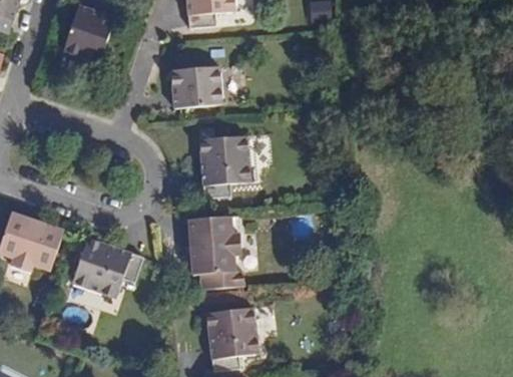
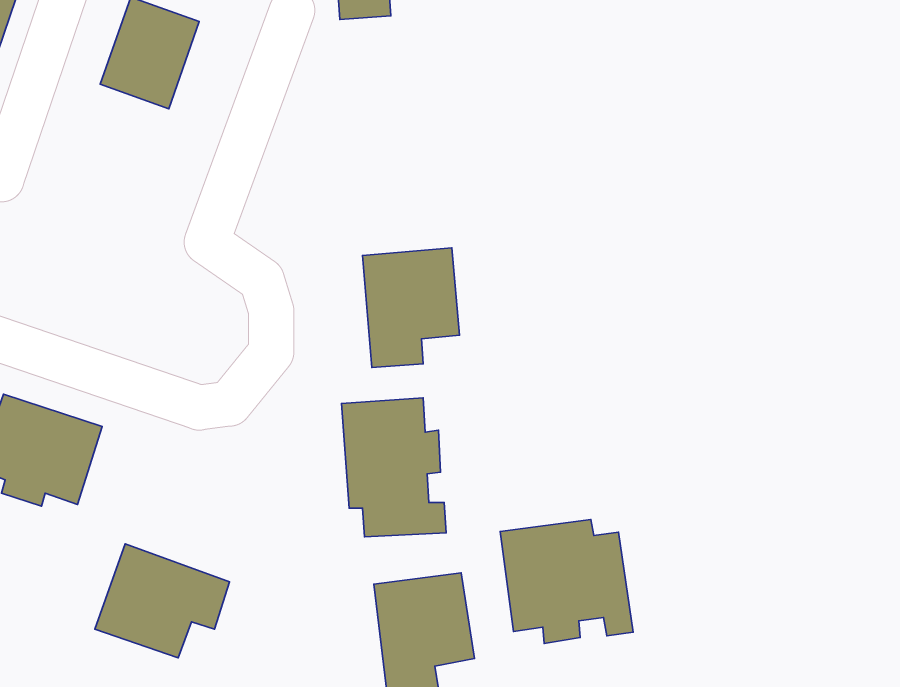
building: [170,66,221,107] -> none
building: [71,238,142,298] -> [95,544,230,658]
building: none -> [500,520,633,644]

